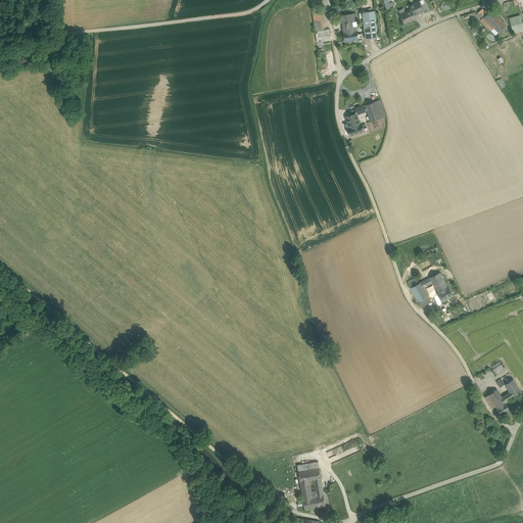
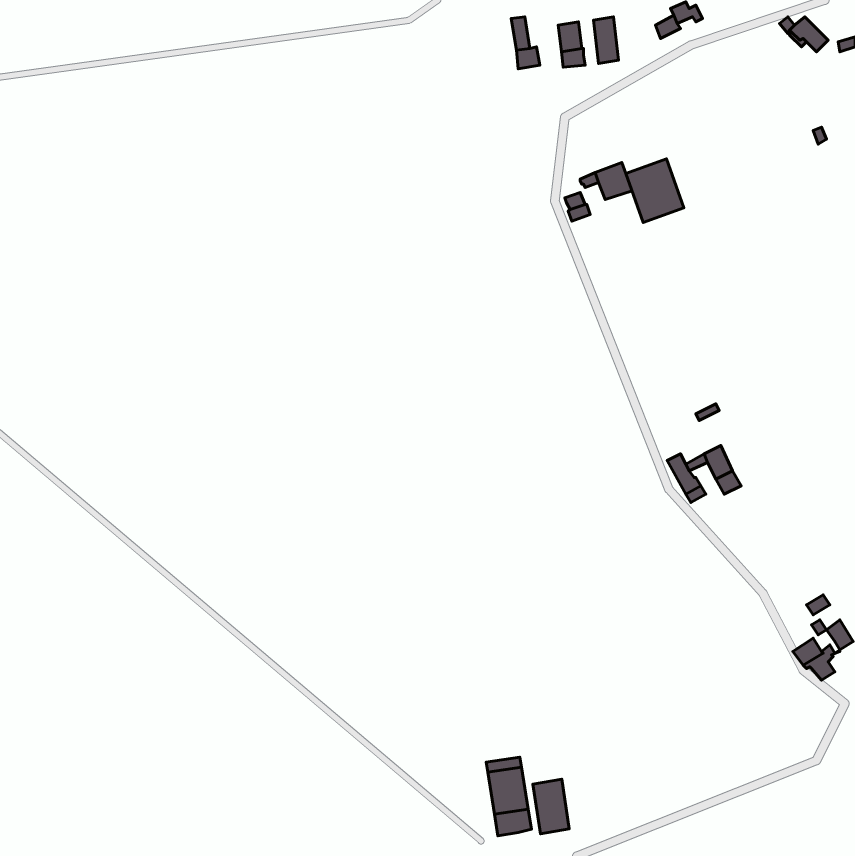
building: none -> [626,159,684,223]
building: none -> [533,779,569,834]

